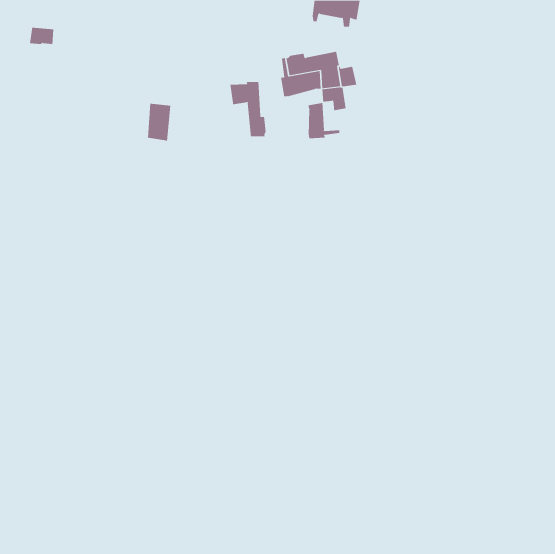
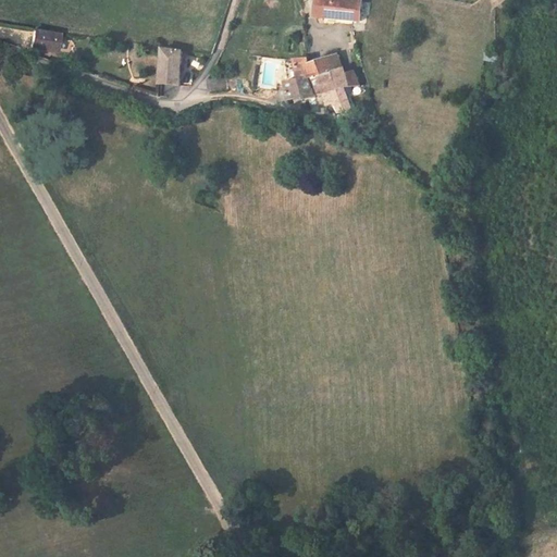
building: [230,81,266,137] -> none
building: [308,102,340,139] -> none
building: [147,103,171,141] -> [159,46,183,84]

